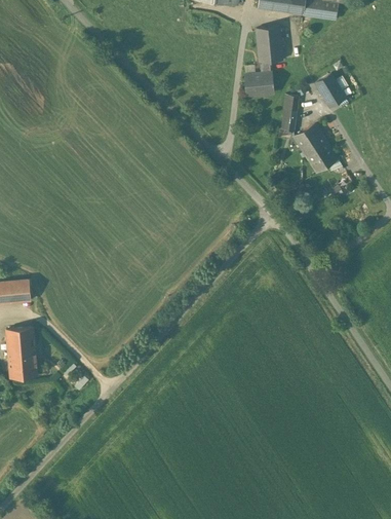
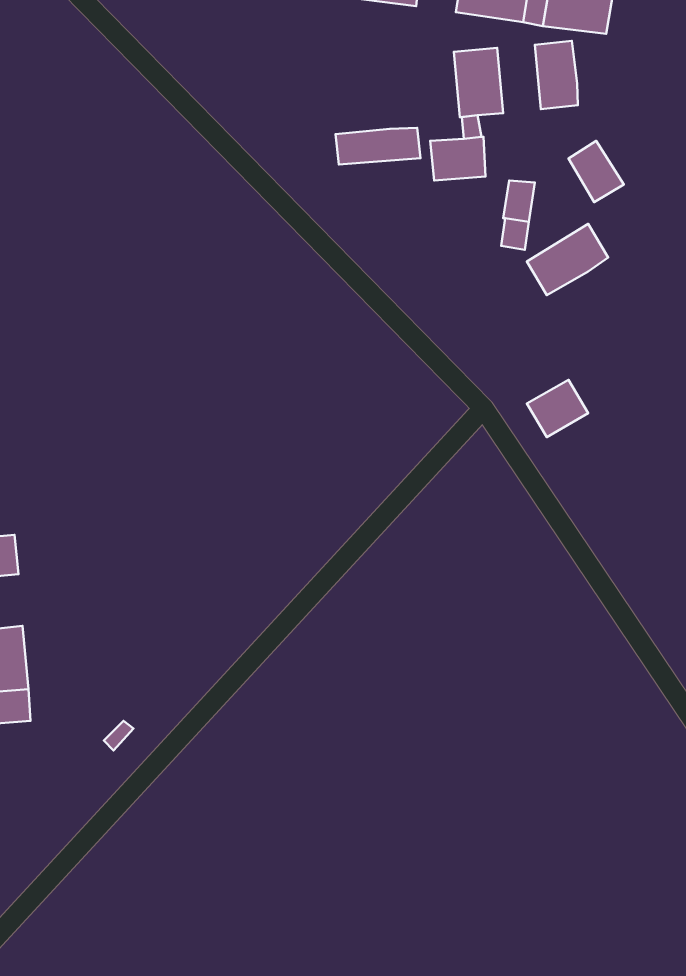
building: none -> [535,41,578,109]
building: none -> [336,128,420,165]
building: [304,143,336,173] -> [527,380,588,437]

